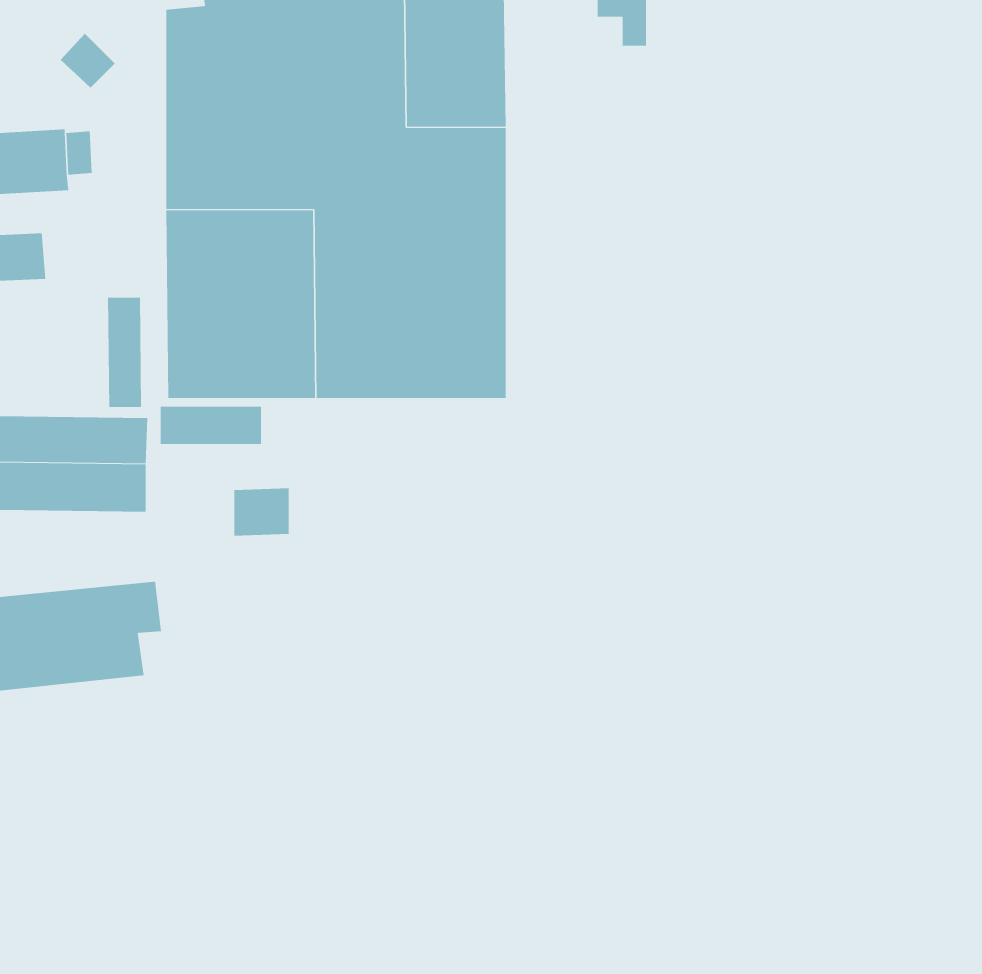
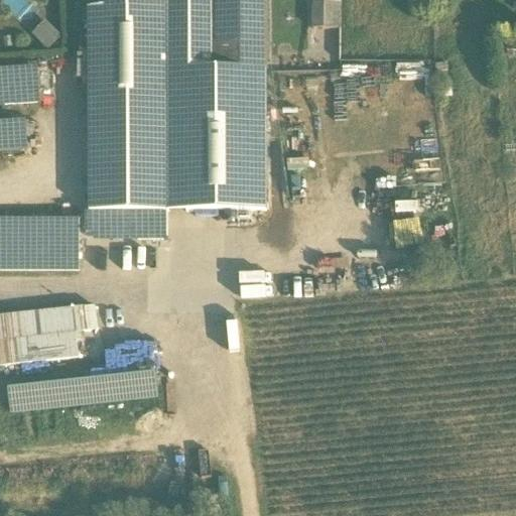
building: [108,297,142,408] -> none
building: [234,488,289,536] -> [137,212,166,237]
building: none -> [8,374,157,411]

